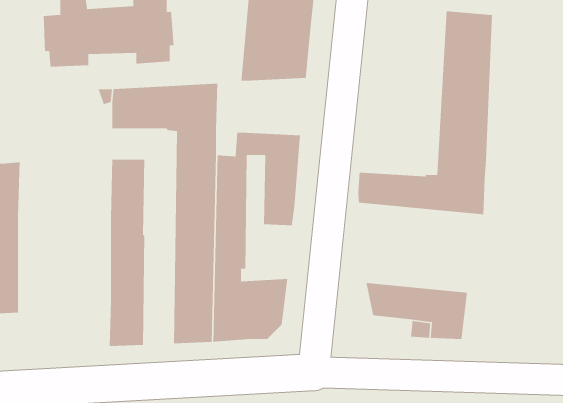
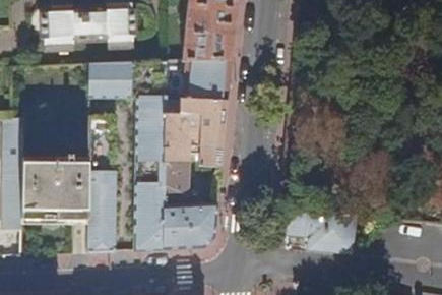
building: [357,11,493,215] -> none
building: none -> [183,59,231,100]
building: none -> [22,159,88,220]

